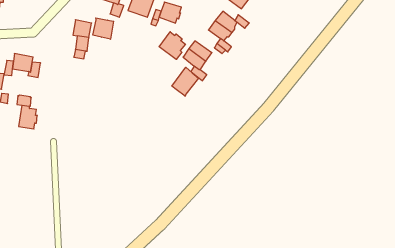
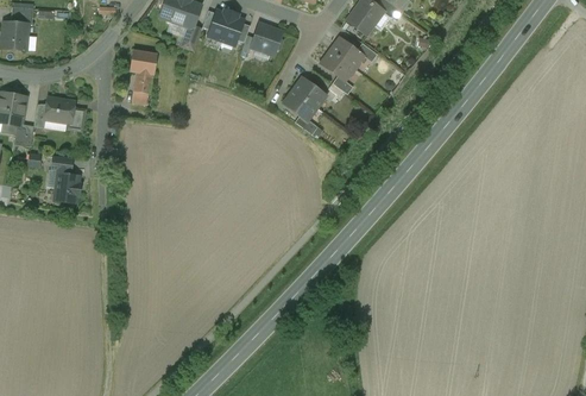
building: [93,18,114,39] -> none
building: [159,32,185,59] -> none
building: [172,67,198,96] -> none

